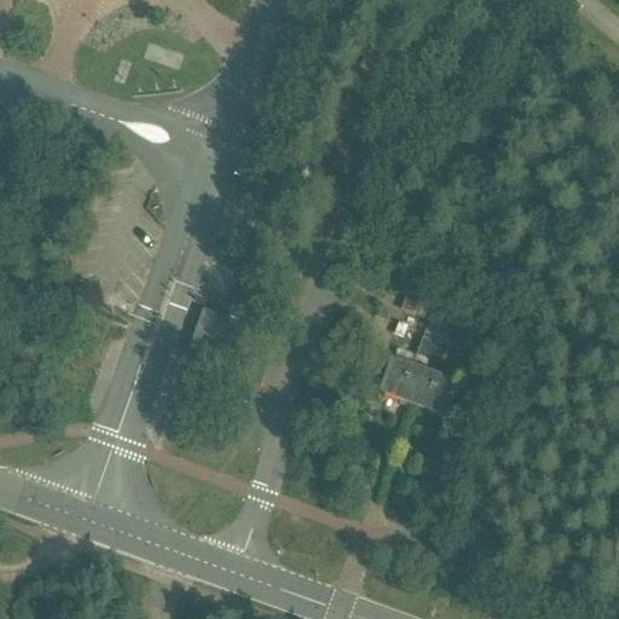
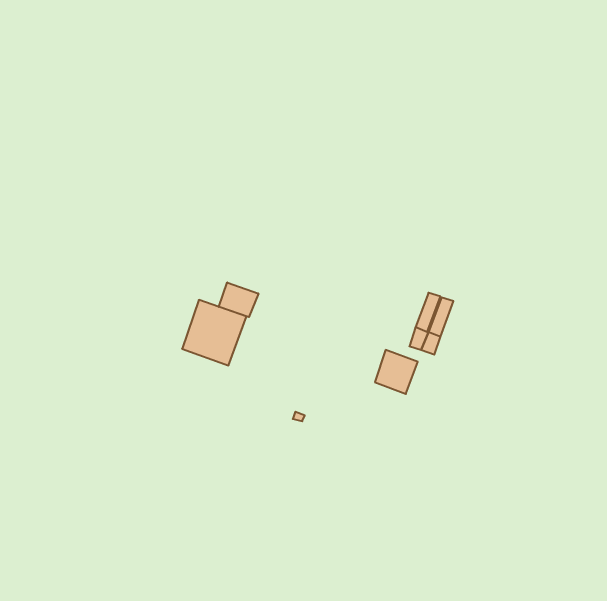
building: none -> [219,282,258,317]
building: [412,368,456,411] -> none

